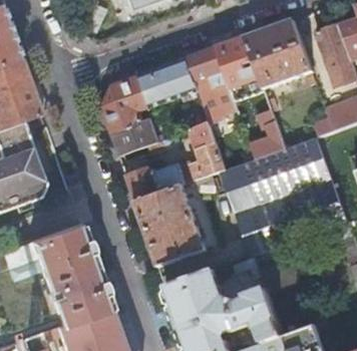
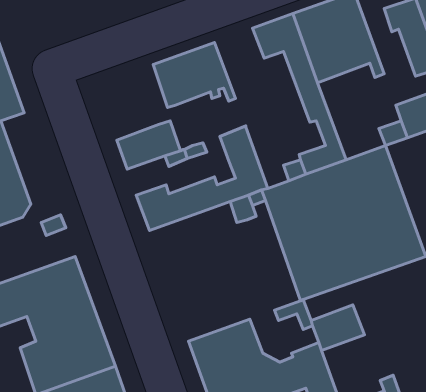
building: [185,45,227,121] -> none
building: [100,73,148,131] -> none
building: [134,184,206,266] -> none

